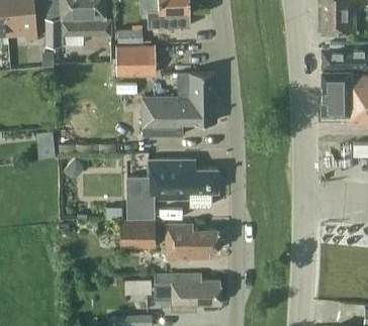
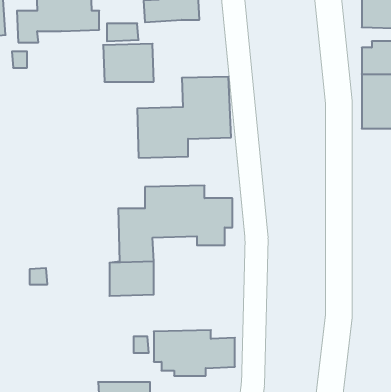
building: [166,224,218,259] -> none

